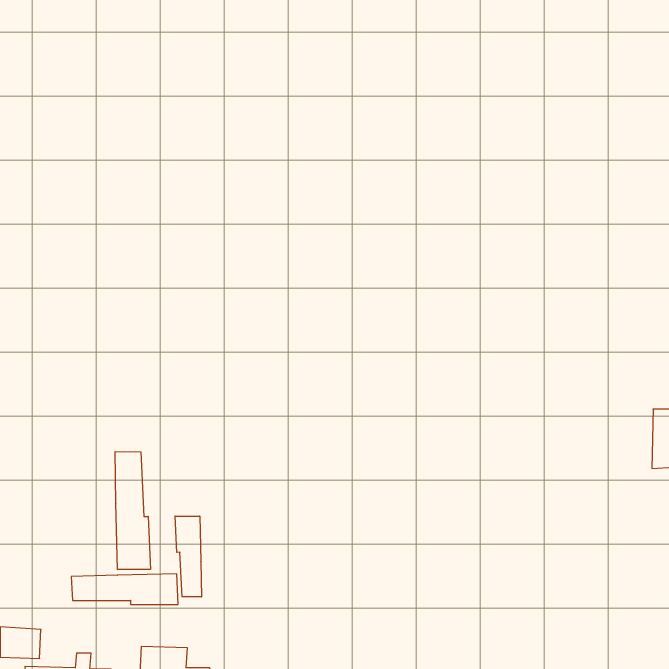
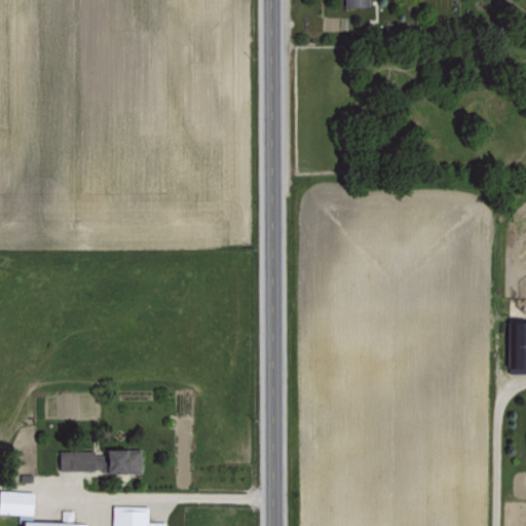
building: [115,452,150,569] -> none
building: [175,516,201,597] -> none

